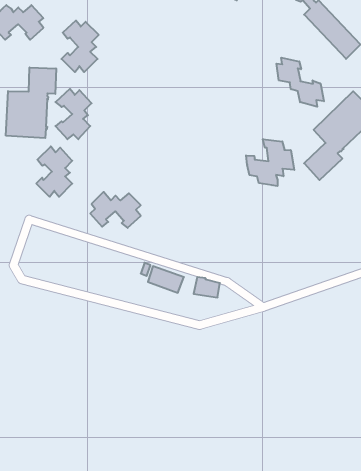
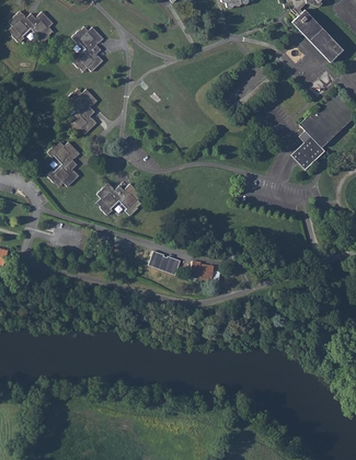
building: [276,58,324,107] -> none
building: [6,67,56,138] -> none
building: [246,139,294,186] -> none

